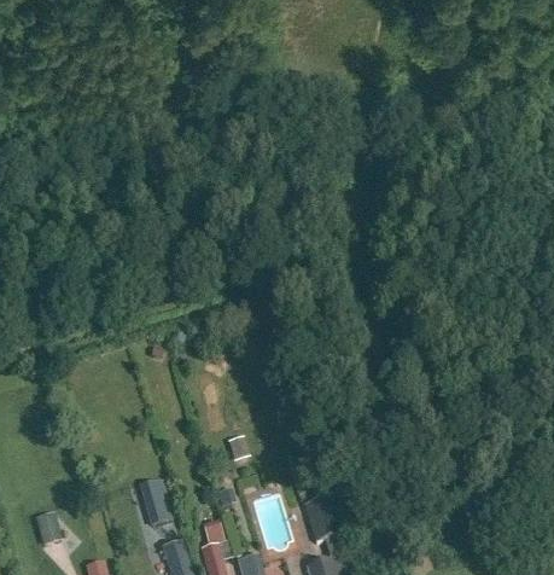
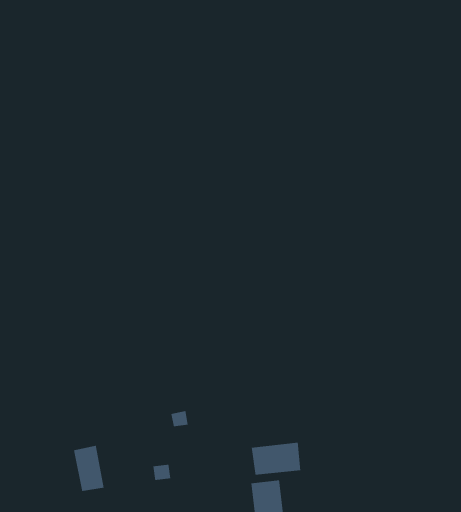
building: none -> [251,442,301,476]

